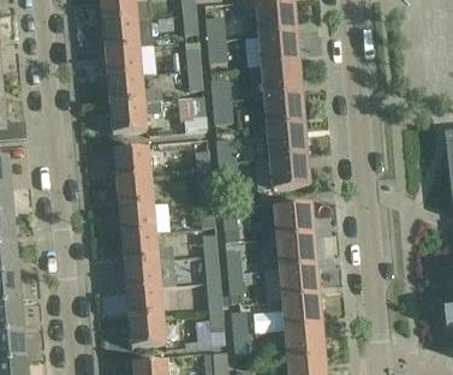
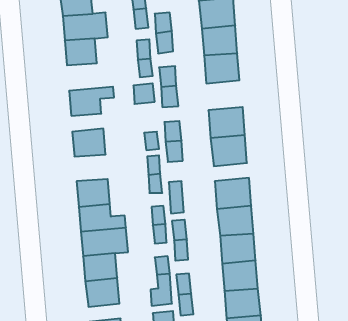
building: [107,75,162,106] -> none
building: [263,94,304,127] -> none
building: [115,177,153,207] -> none

